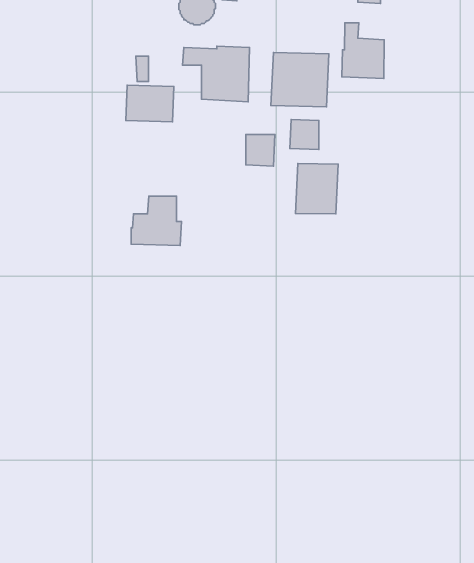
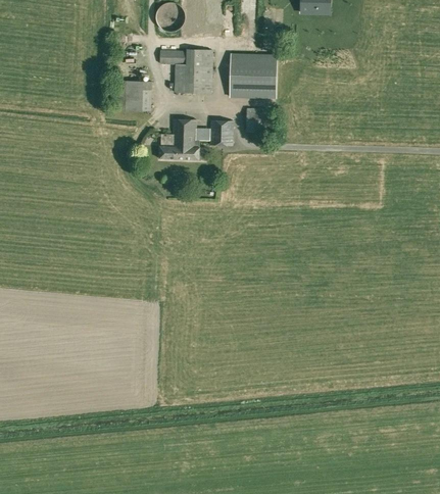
building: [342,23,384,78] -> none
building: [296,164,338,214] -> none
building: [131,196,182,245] -> [158,118,199,158]

